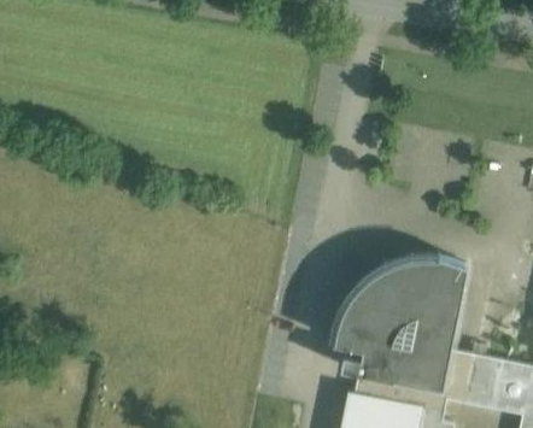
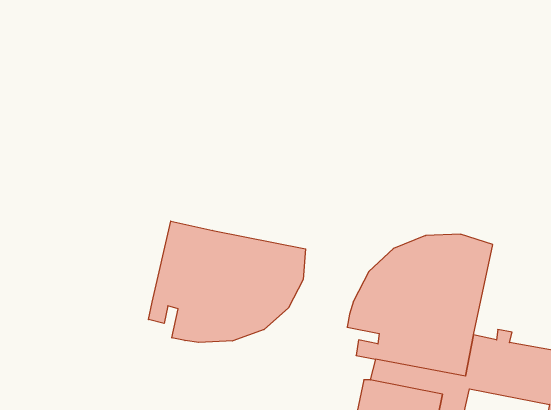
building: none -> [148,221,306,342]

